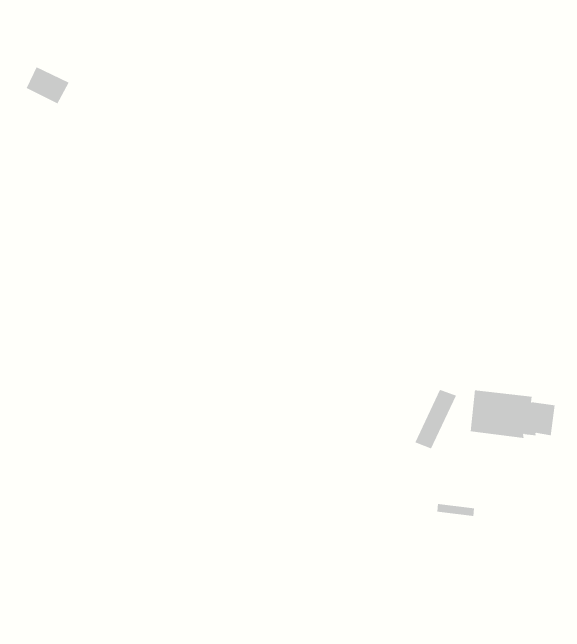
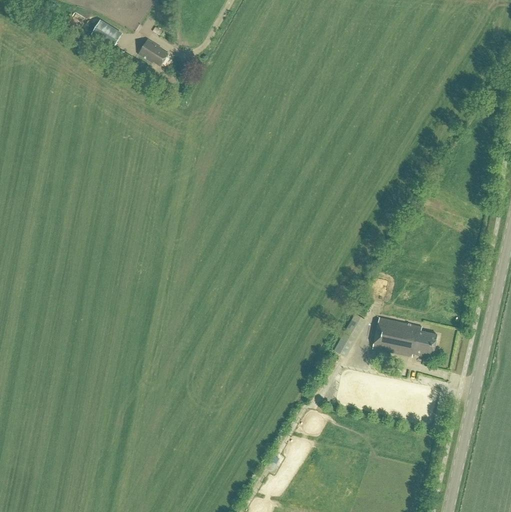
building: none -> [138,39,167,65]
building: [26,66,69,104] -> [90,19,122,48]

